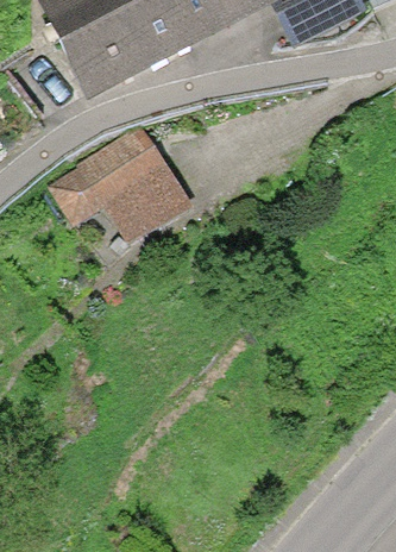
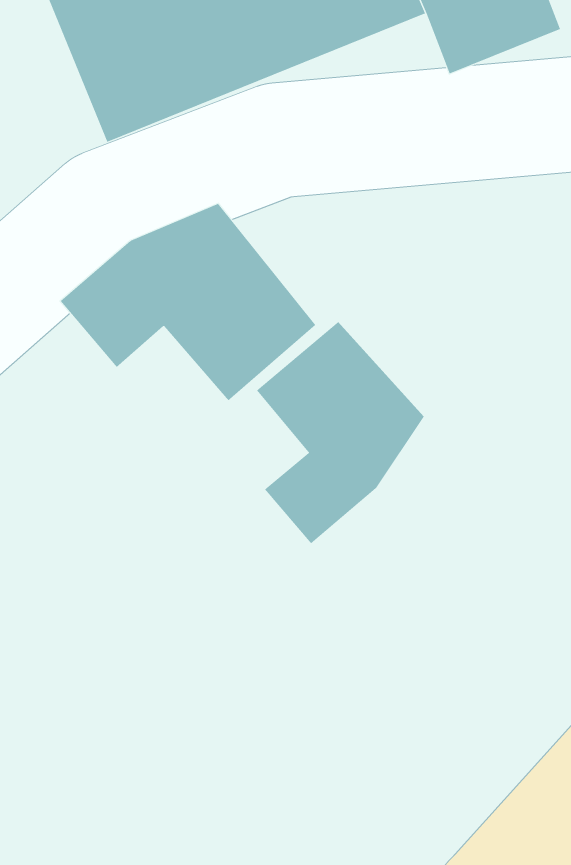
building: none -> [256,321,425,544]

